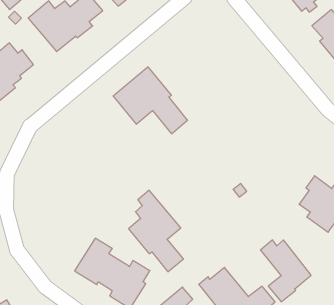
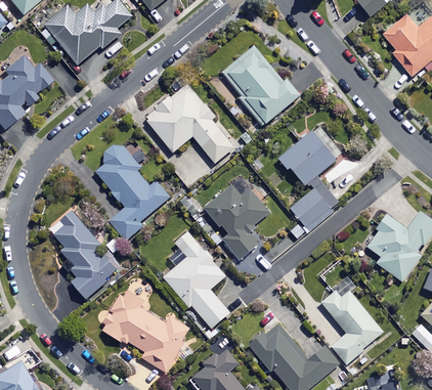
building: none -> [222,46,300,125]
building: none -> [278,131,340,229]
building: none -> [95,141,170,241]
building: none -> [205,184,269,259]
building: none -> [50,210,118,298]

